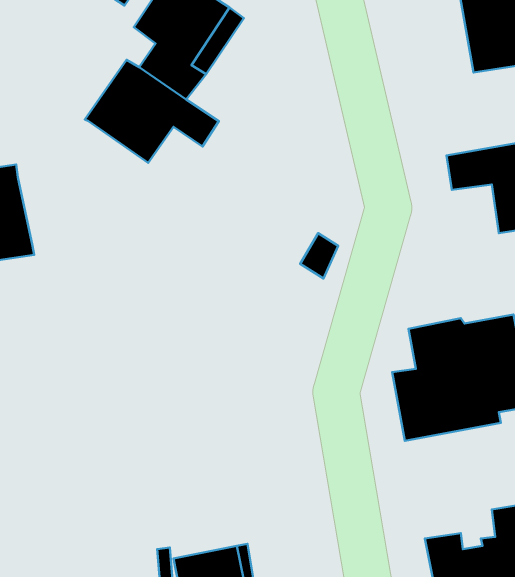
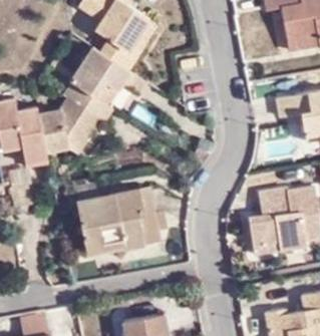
building: none -> [36,80,115,149]
building: none -> [76,187,159,250]

